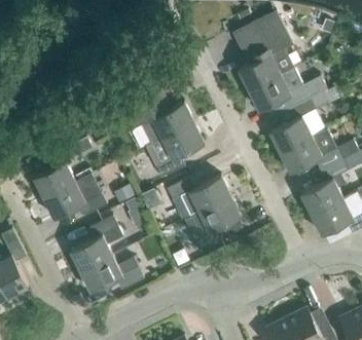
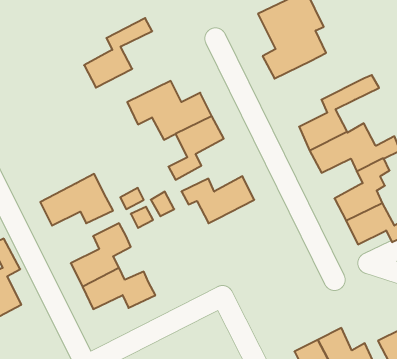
building: [248,67,326,110] -> none
building: [33,137,93,197] -> [84,18,152,88]
building: [192,195,241,251] -> none

